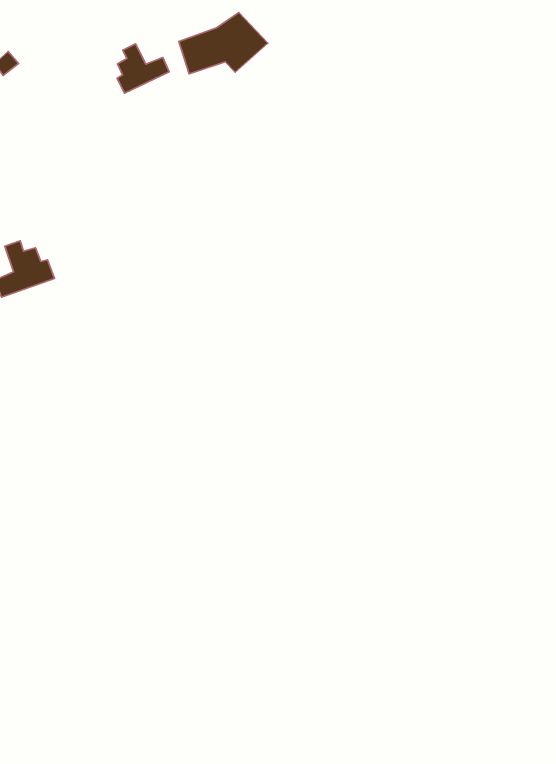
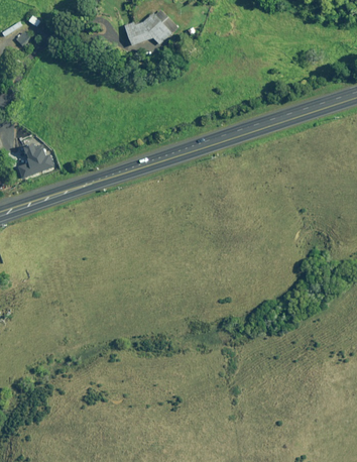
building: [117,44,169,93] -> none

